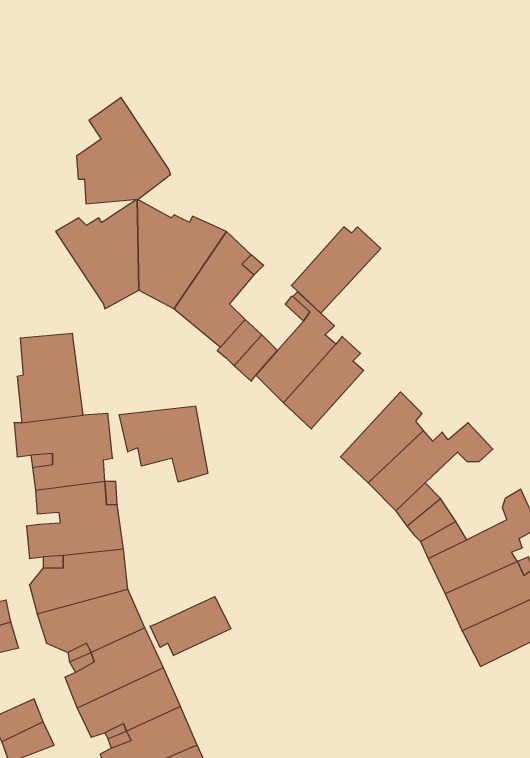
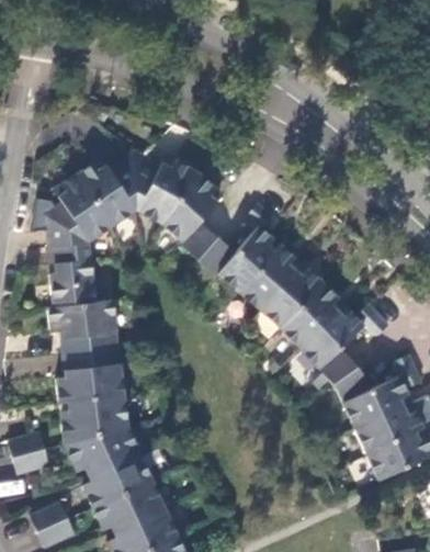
building: [77,97,171,204] -> [43,171,110,247]
building: [291,227,381,313] -> [257,270,320,331]
building: [119,406,208,482] -> none
building: [150,597,231,656] -> none

